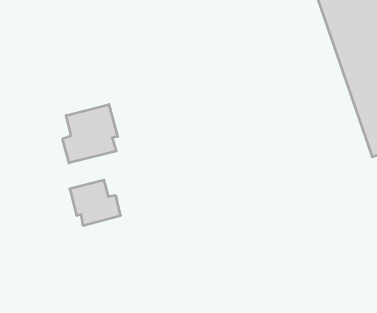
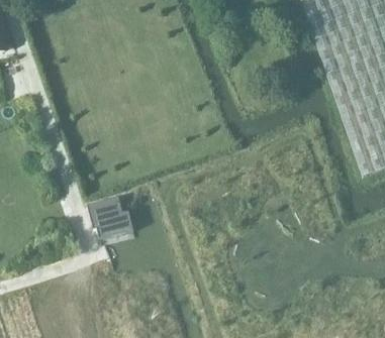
building: [63,104,118,163] -> none

